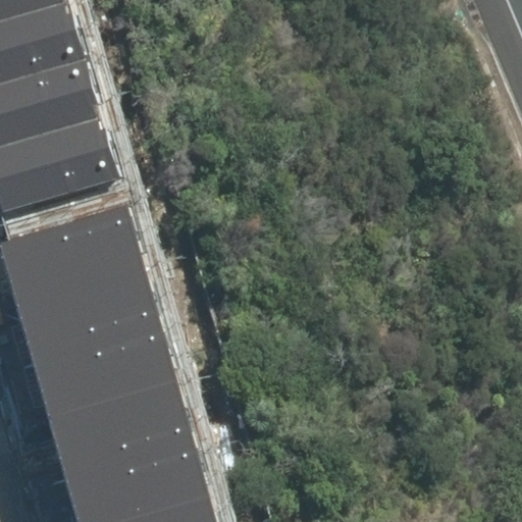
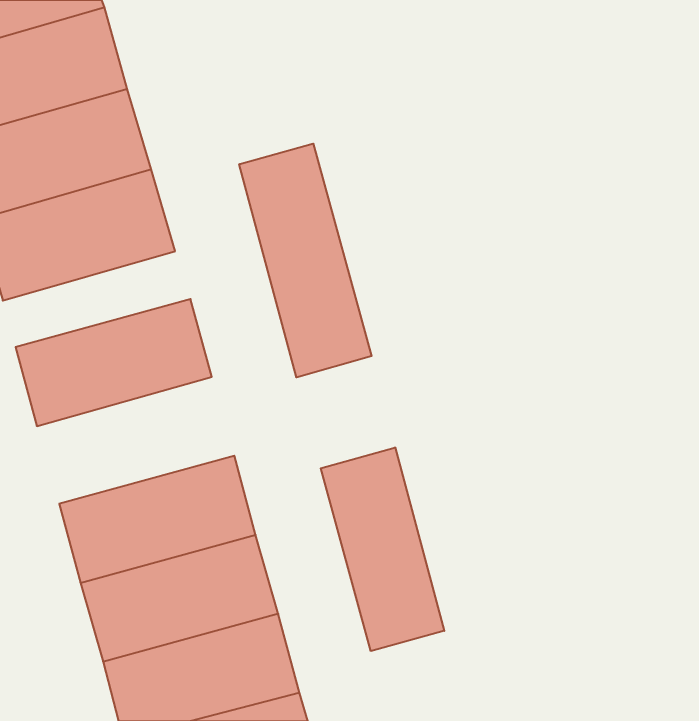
building: none -> [239,144,372,377]
building: [27,272,169,364] -> none
building: none -> [321,447,444,651]

